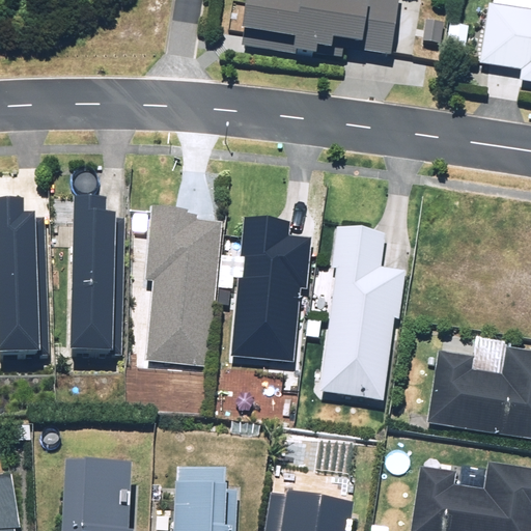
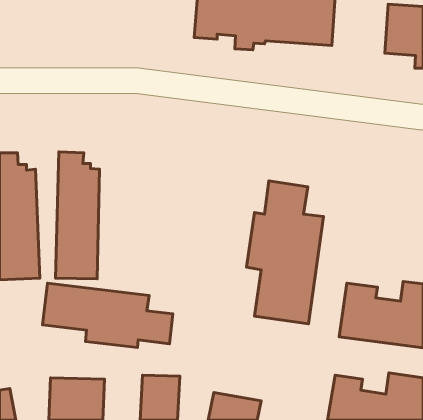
building: [145,200,223,361] -> none
building: [233,222,310,362] -> none
building: none -> [42,283,173,347]

